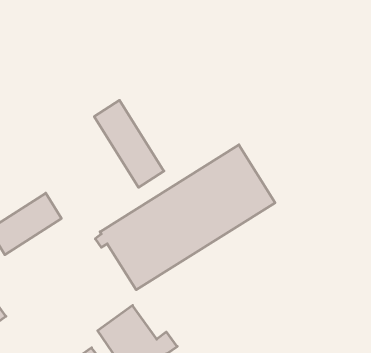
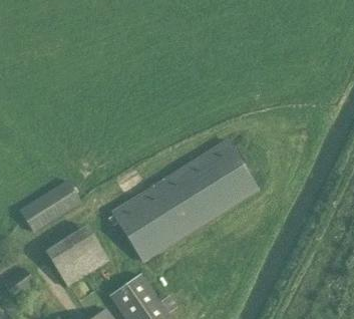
building: [94,100,164,187] -> none
building: none -> [47,222,110,282]

